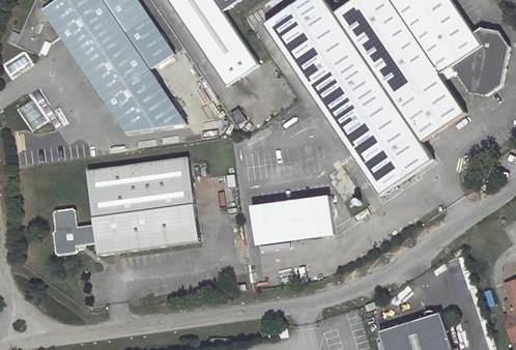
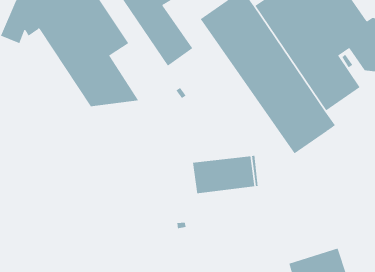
building: [52,157,199,257] -> none

